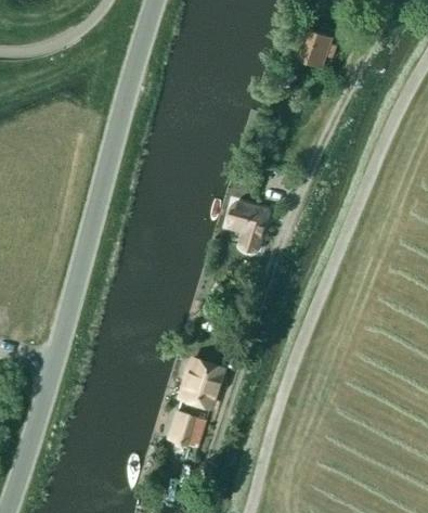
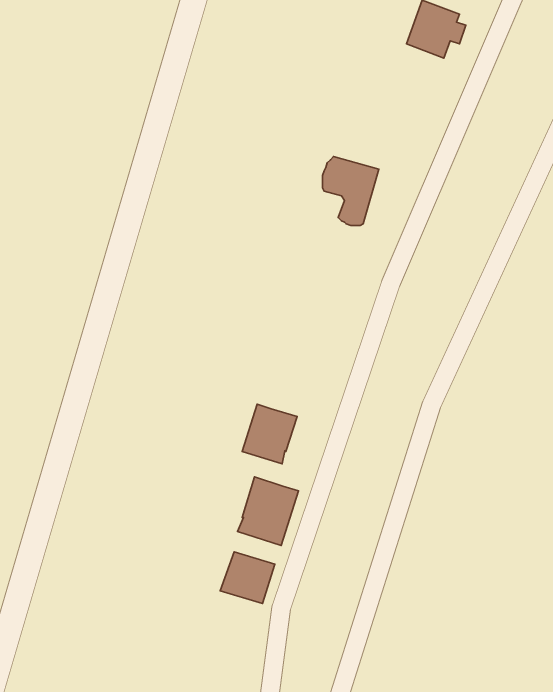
building: [230,203,269,251] -> [323,157,379,225]
building: none -> [242,404,297,464]

